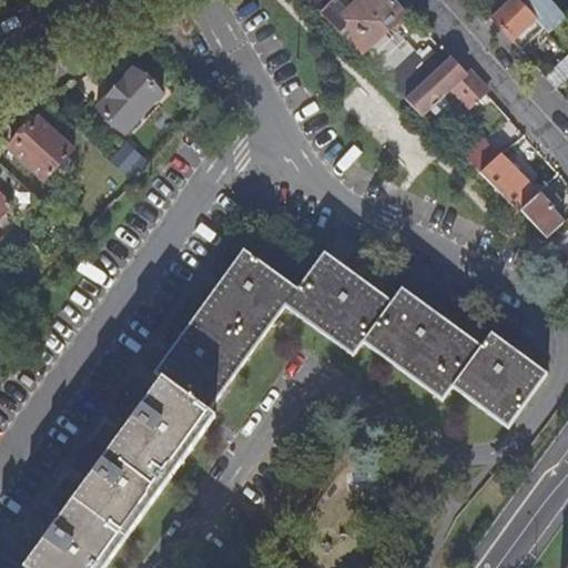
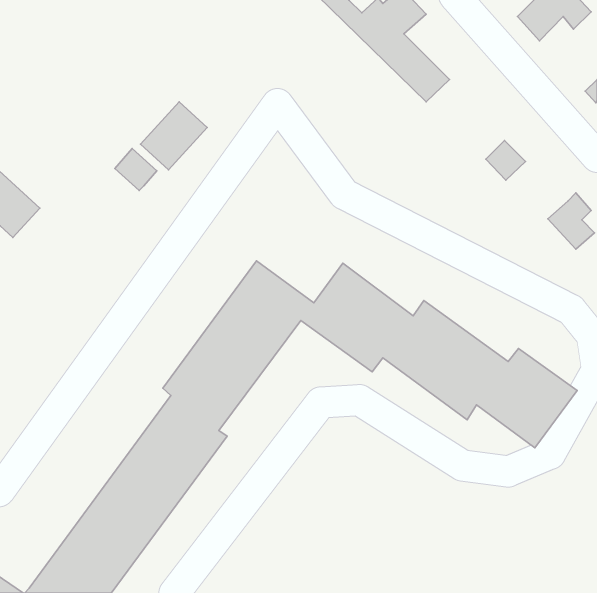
building: [404,53,487,113] -> none
building: [97,68,160,132] -> [140,102,207,170]
building: [9,118,72,180] -> none
building: [479,152,538,209] -> none

